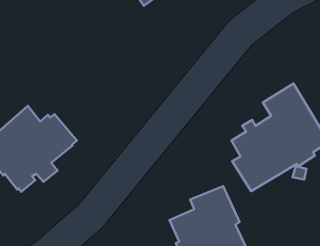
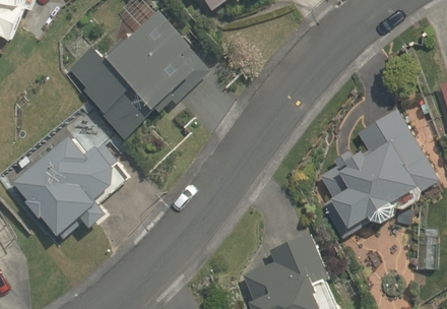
building: none -> [68,11,210,140]

